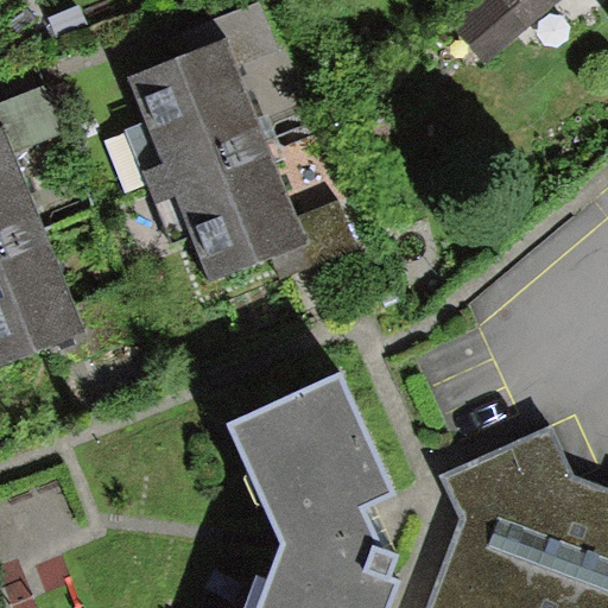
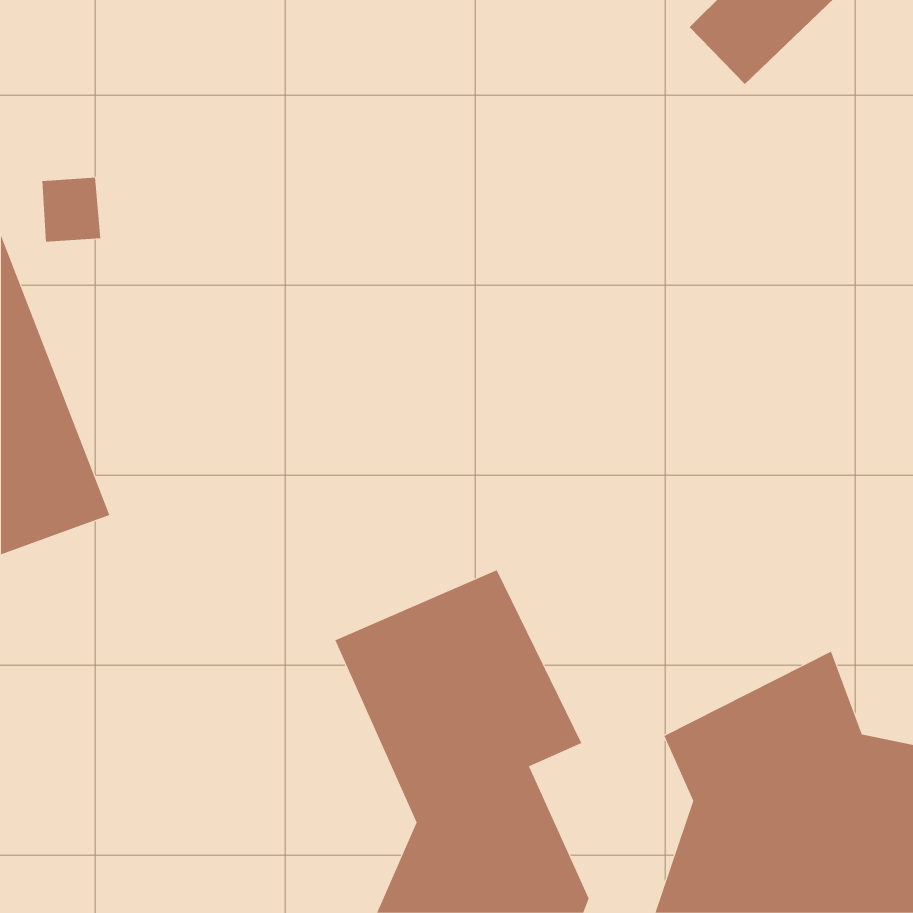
building: [116,45,302,286] -> none

